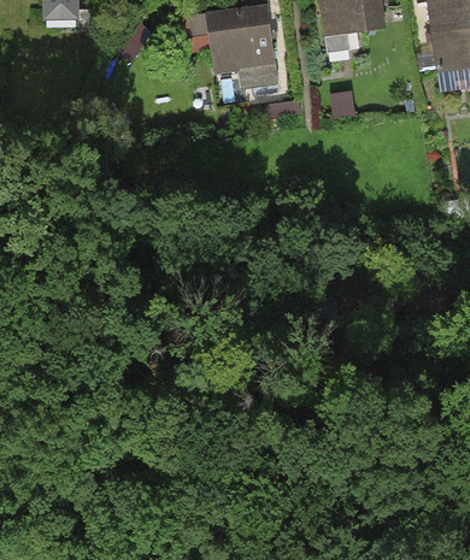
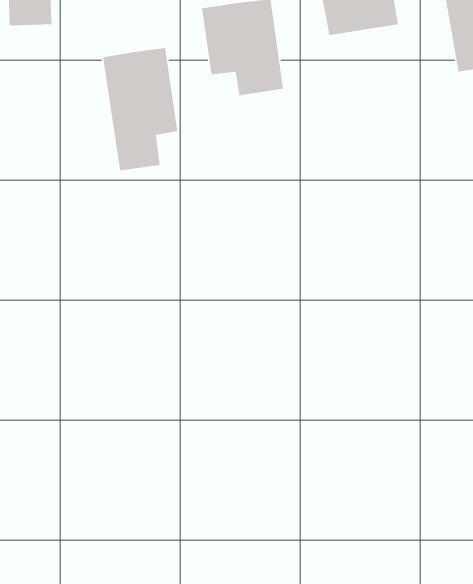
building: none -> [102,47,178,171]

